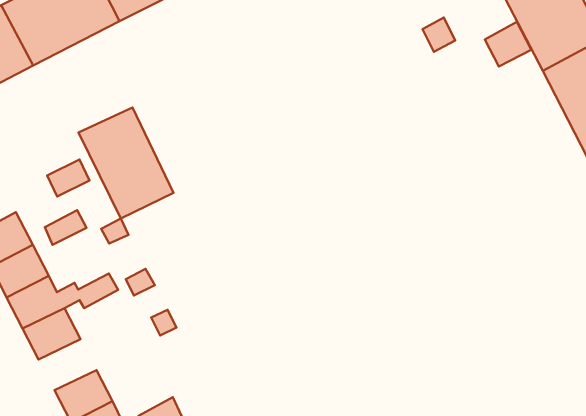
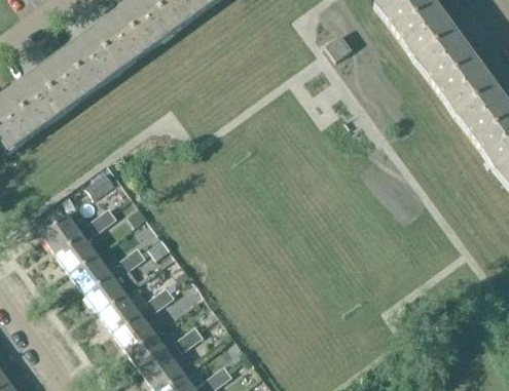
building: [485,22,532,67] -> none
building: [78,107,174,219] -> none
building: none -> [100,284,176,331]

